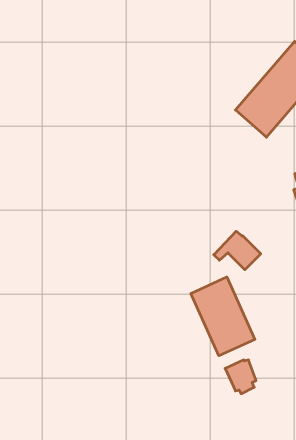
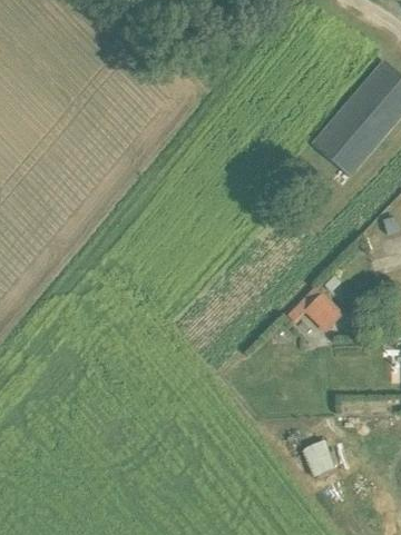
building: [191,277,255,356] -> none

